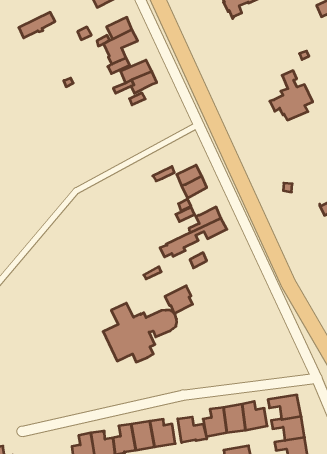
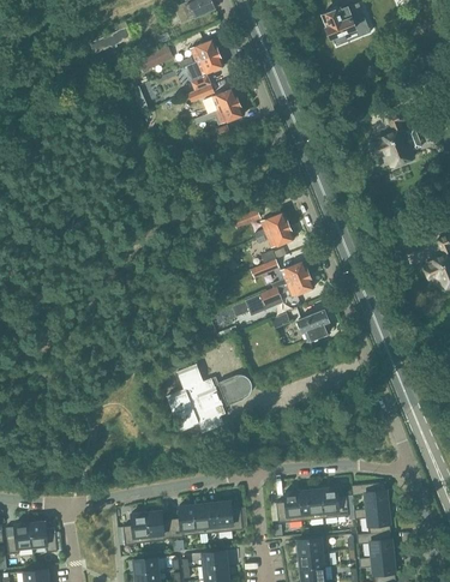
building: [165,286,193,314] -> [298,310,329,341]
building: [178,417,207,443] -> none

